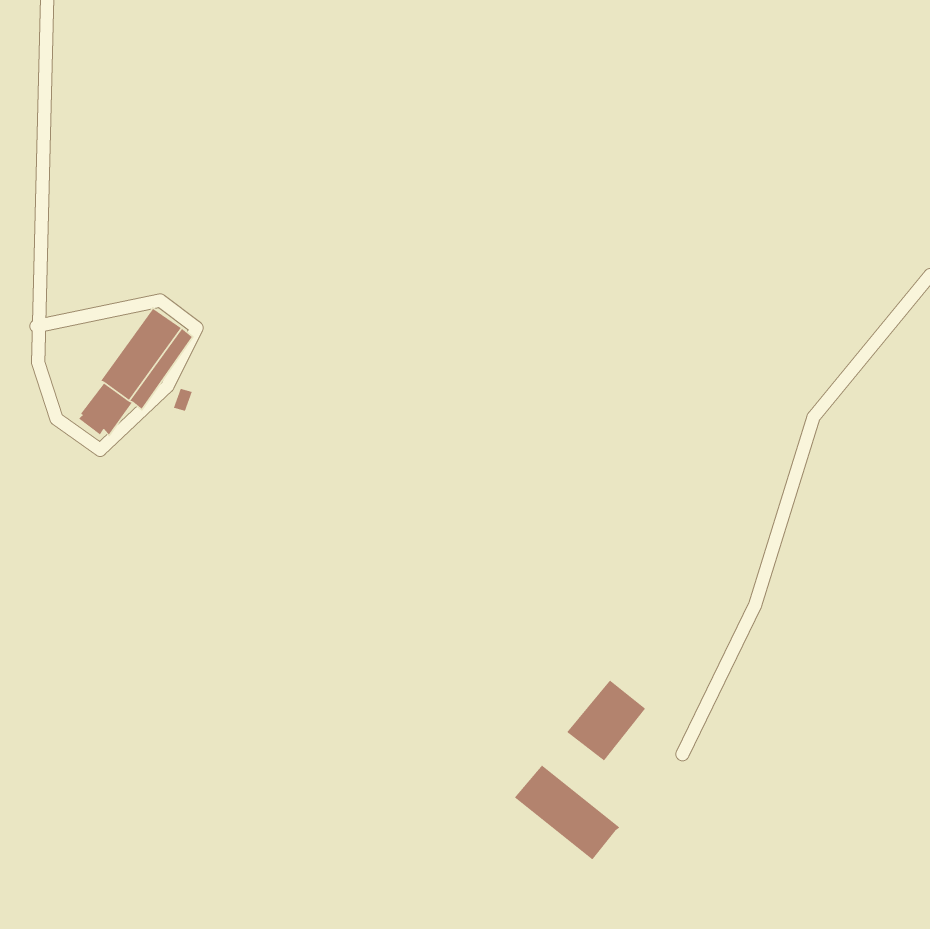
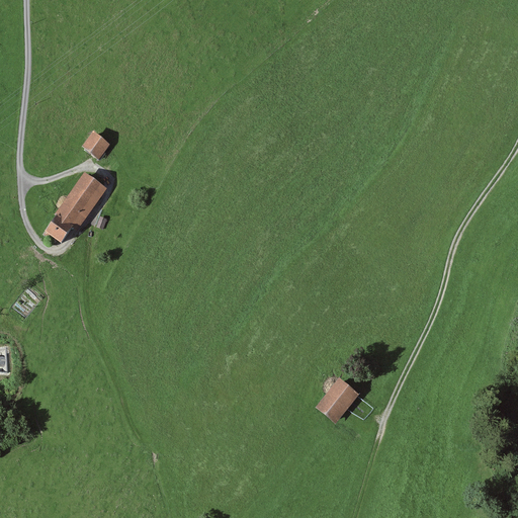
building: none -> [82,131,111,159]
building: [514,764,620,861] -> none

